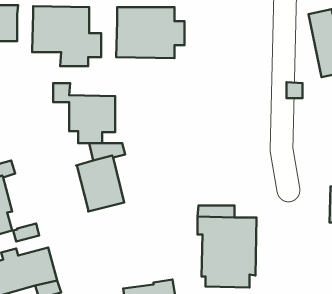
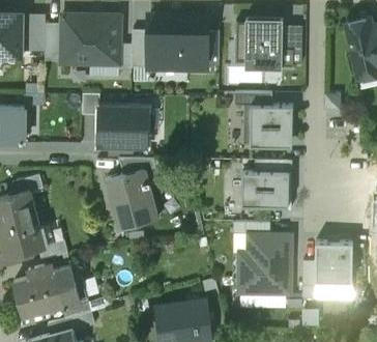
building: none -> [234,19,301,68]
building: none -> [45,24,61,61]
building: none -> [132,30,148,68]
building: none -> [234,93,292,147]
building: none -> [241,160,291,209]
building: none -> [301,241,352,298]

